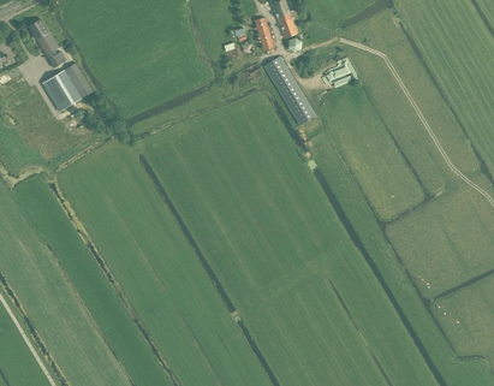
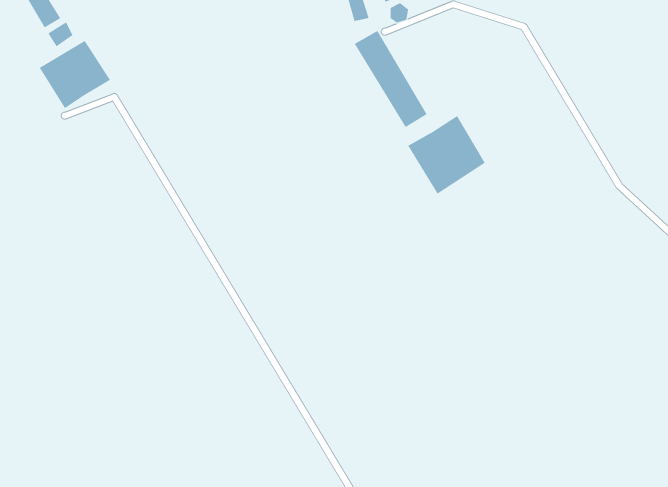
building: none -> [407,115,485,194]

